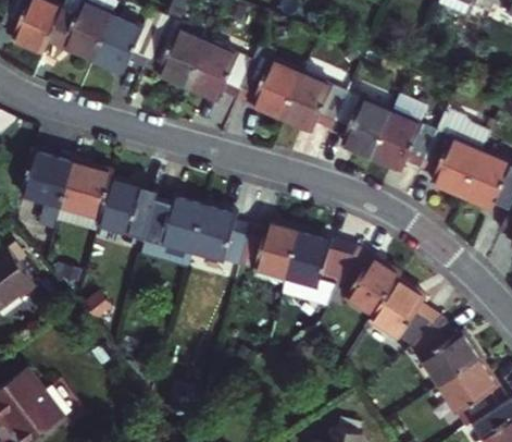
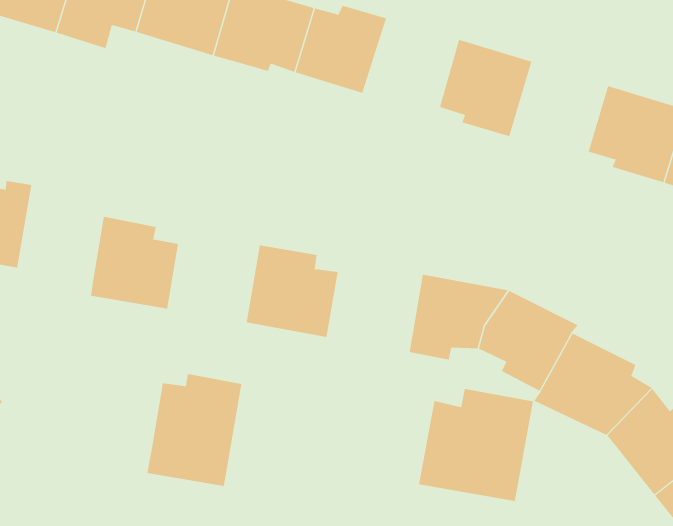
building: [282,72,345,131] -> none
building: [371,108,435,168] -> none
building: [55,155,113,219] -> none
building: [142,196,208,269] -> [146,373,242,486]
building: [245,224,308,282] -> none
building: none -> [418,388,534,502]

